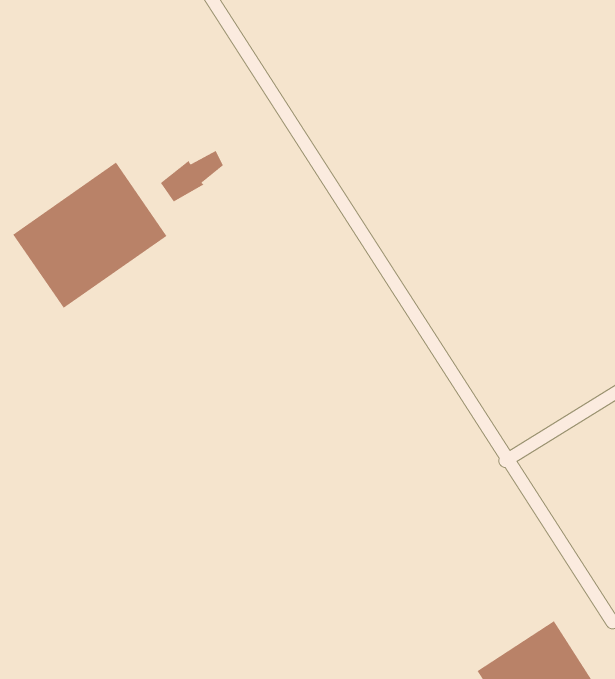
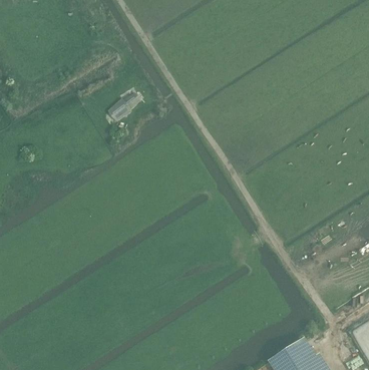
building: [12,162,167,309] -> none

